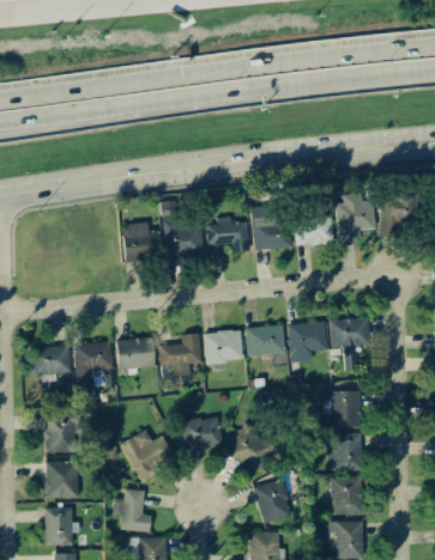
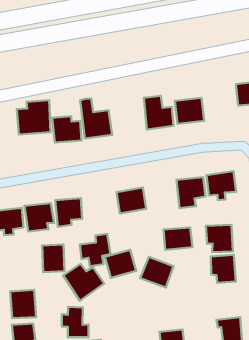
building: [337,194,375,245] -> none
building: none -> [17,100,50,135]
building: [207,217,249,251] -> none
building: [247,327,285,355] -> [163,227,192,250]
building: [159,334,201,377] -> [80,234,111,266]
building: [44,414,75,452] -> [42,245,65,272]
building: [332,476,363,515] -> none
building: [254,480,292,524] -> none

